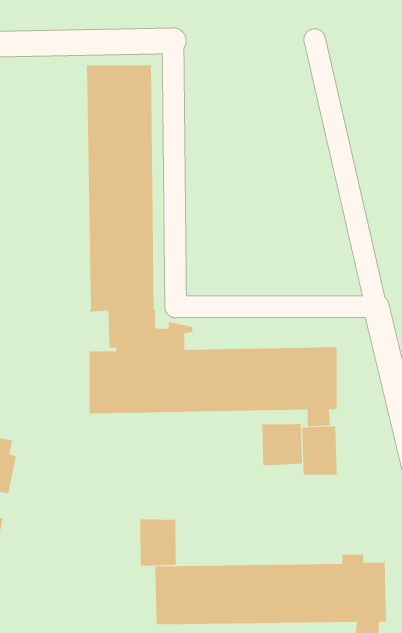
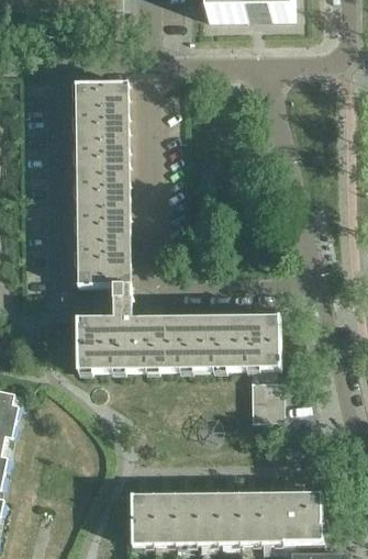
building: [262,423,302,466] -> none
building: [140,519,176,567] -> none

